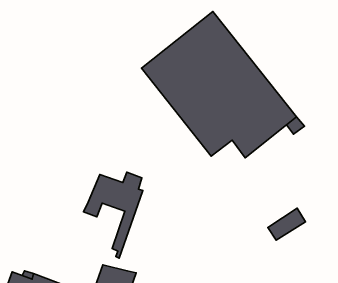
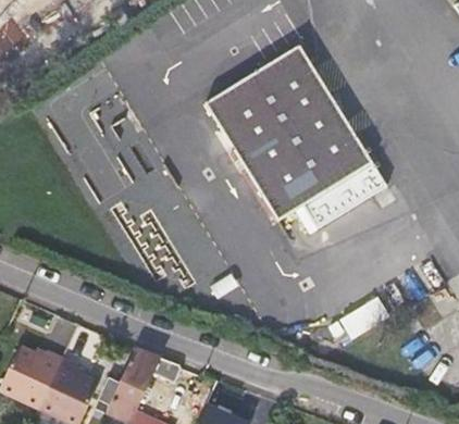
building: [83,172,143,258] -> none

